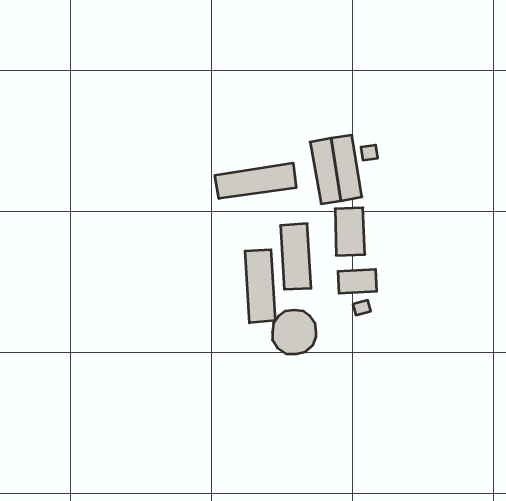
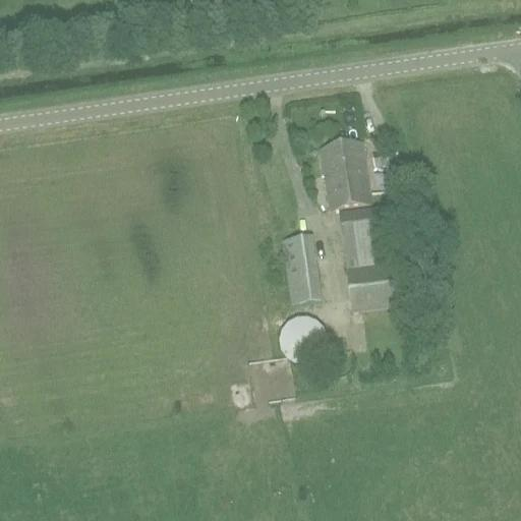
building: [215,163,296,199] -> none
building: [245,250,275,323] -> none

